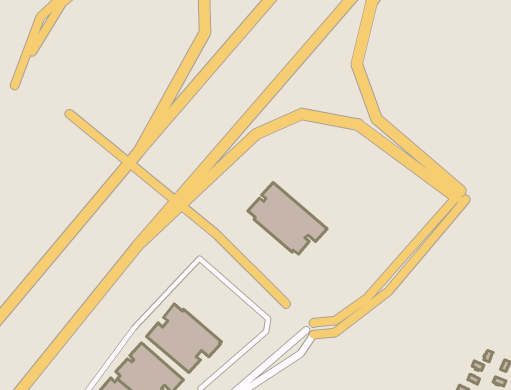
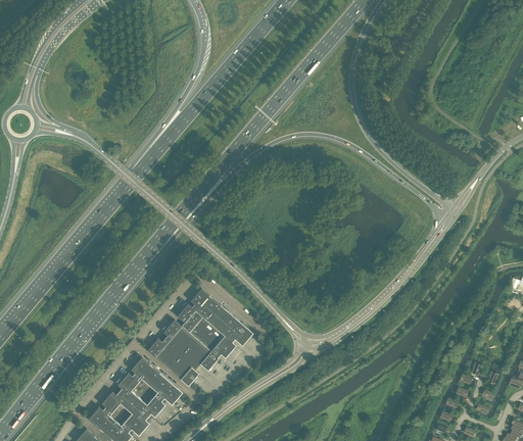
building: [248,182,327,254] -> [176,289,252,358]

